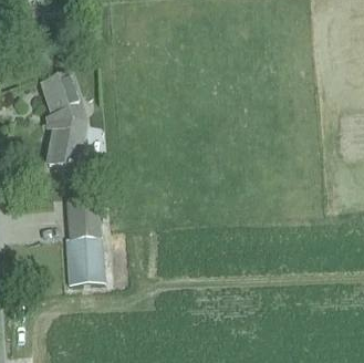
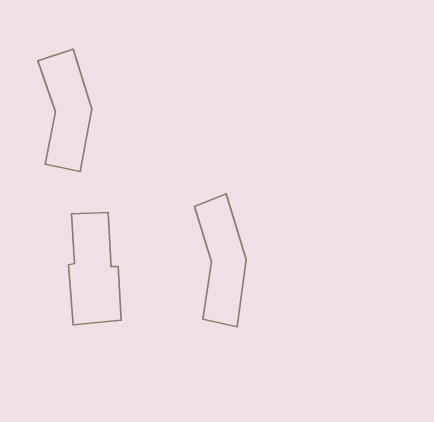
building: none -> [194,194,246,327]

